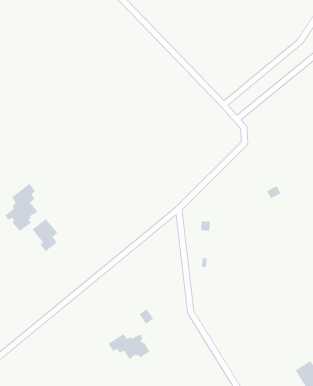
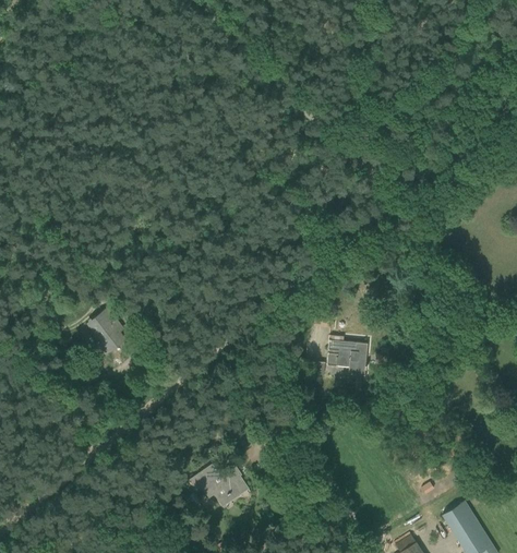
building: [5,183,38,232] -> none
building: none -> [327,336,368,376]

